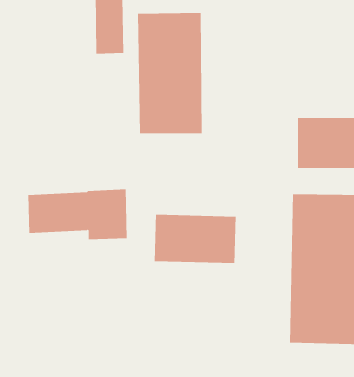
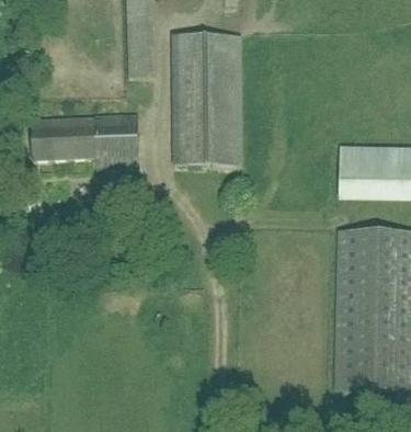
building: [28,189,128,240] -> [31,111,138,166]
building: [154,214,236,264] -> none

